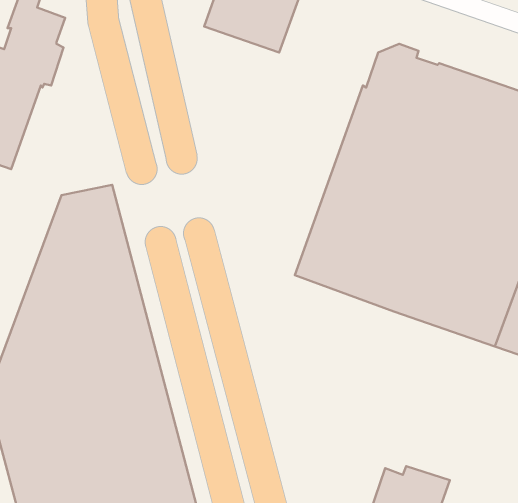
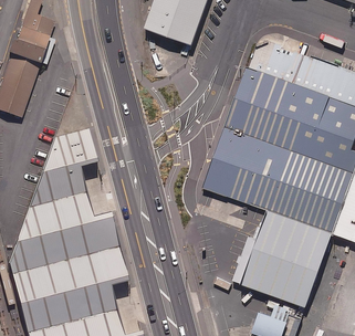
building: none -> [231,210,330,307]

